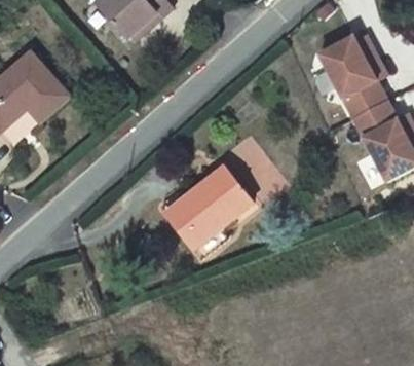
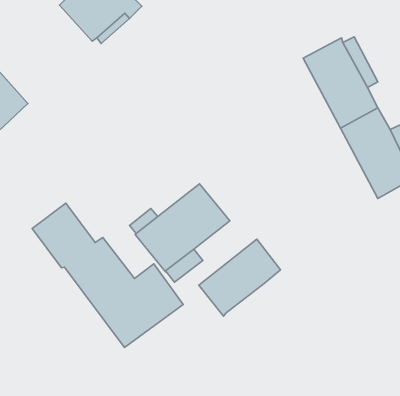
building: none -> [32,203,183,347]
building: none -> [199,239,281,316]

